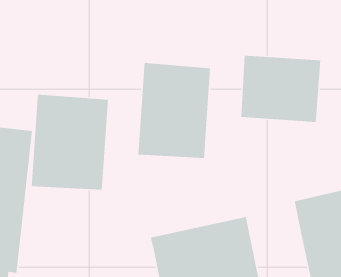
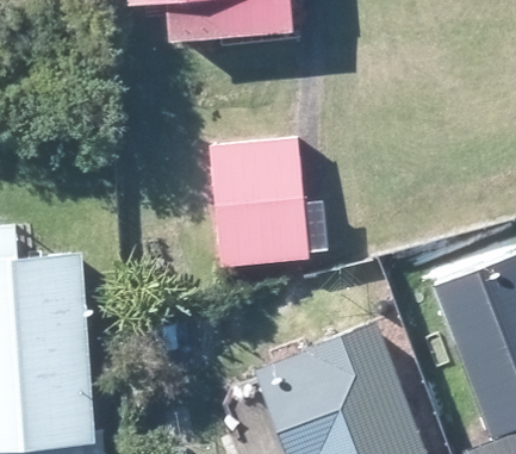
building: [240,55,321,123] -> none
building: [31,94,109,191] -> none

